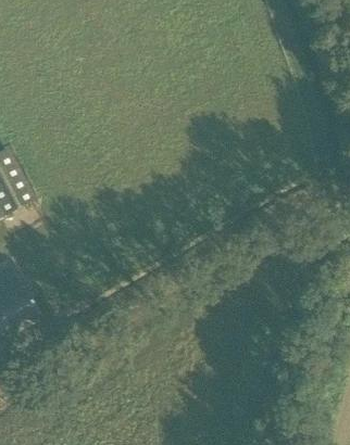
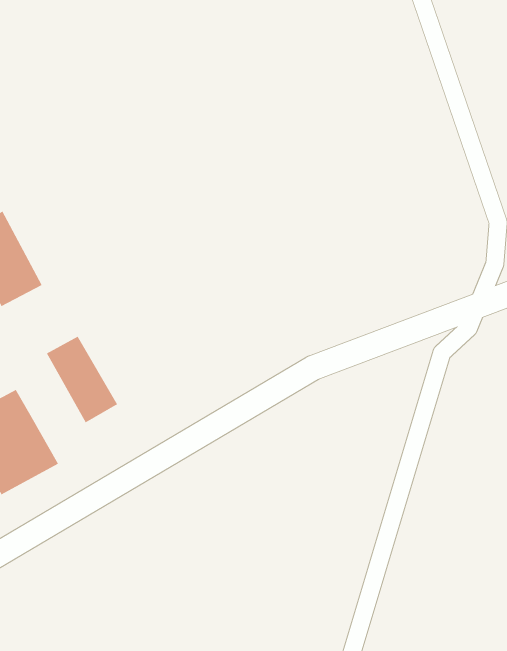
building: none -> [46,336,118,423]

